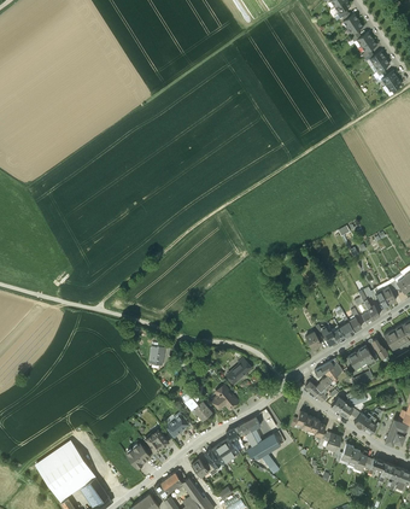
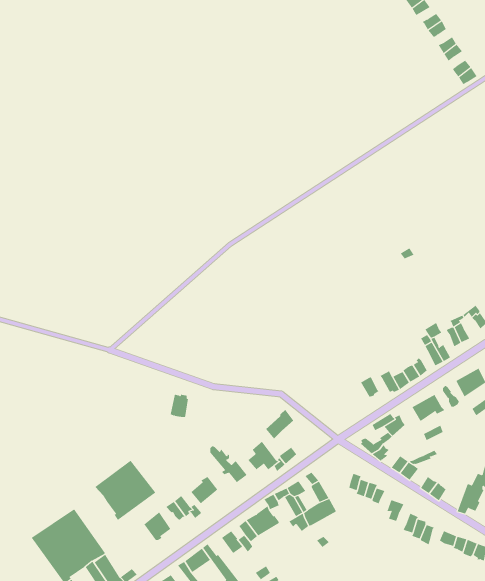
building: none -> [95,460,156,521]

